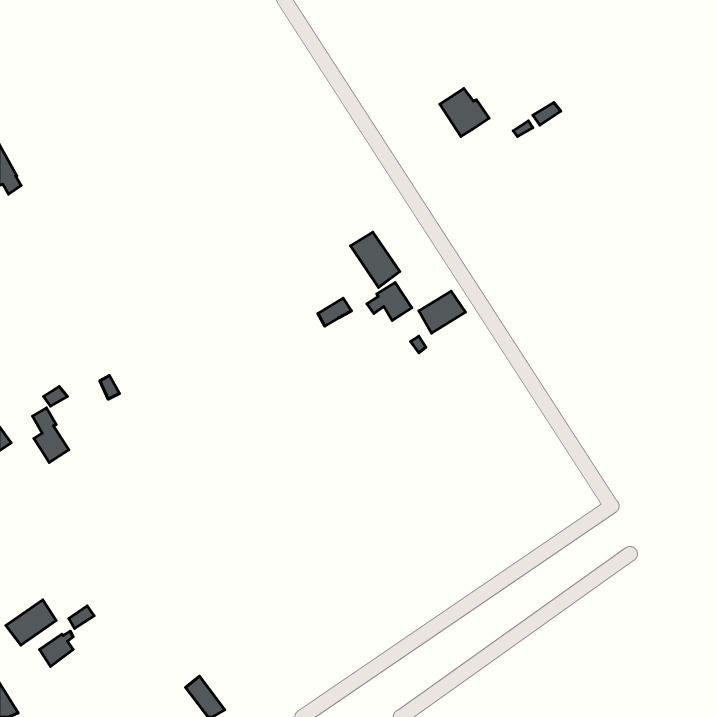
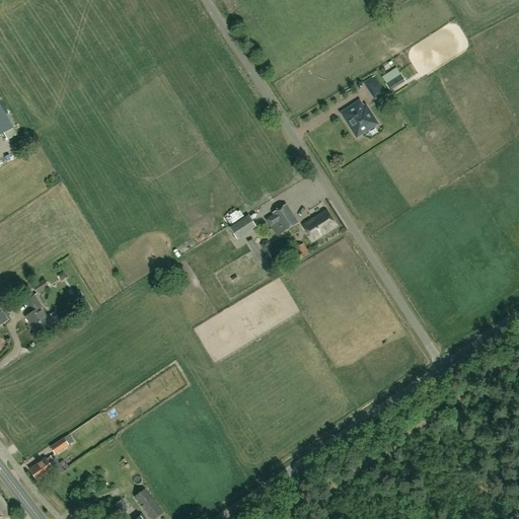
building: [440,89,489,136] -> [341,101,376,136]
building: [351,232,400,288] -> none
building: [6,600,56,645] -> none

